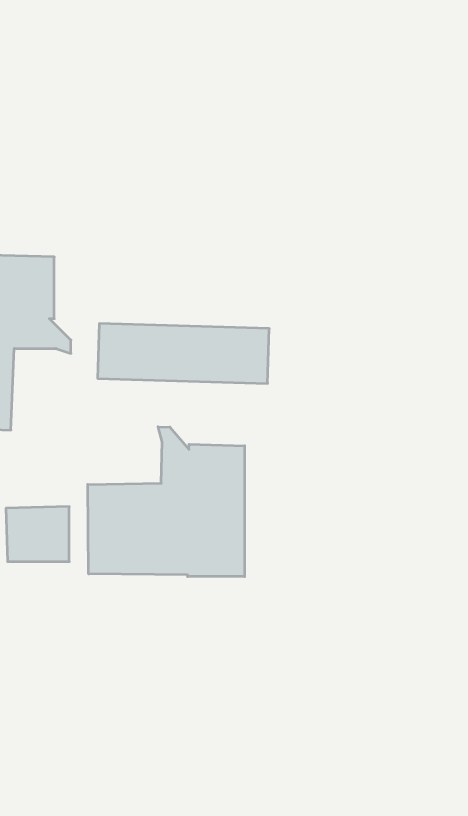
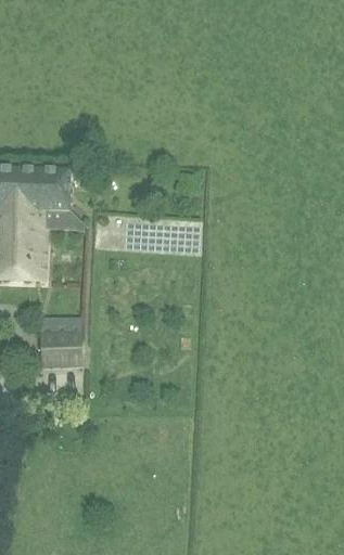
building: [88,427,245,577] -> none

